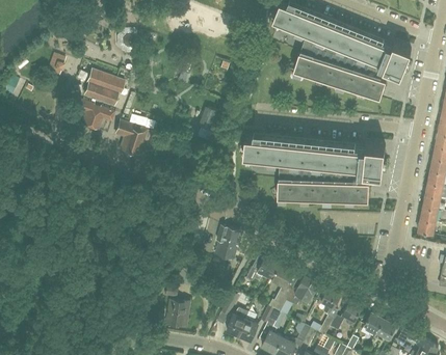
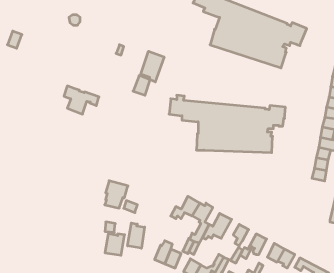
building: [83,71,124,106] -> none
building: none -> [141,51,164,82]
building: [75,100,114,131] -> none
building: [215,225,243,258] -> [105,181,128,208]
building: none -> [128,223,145,248]

